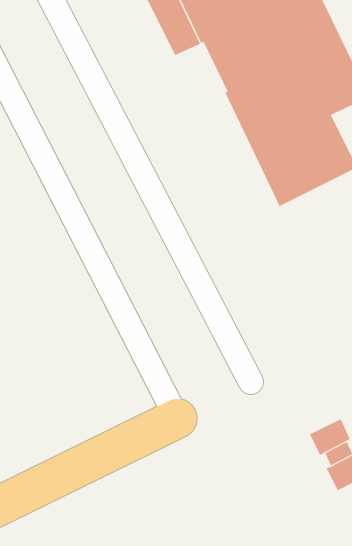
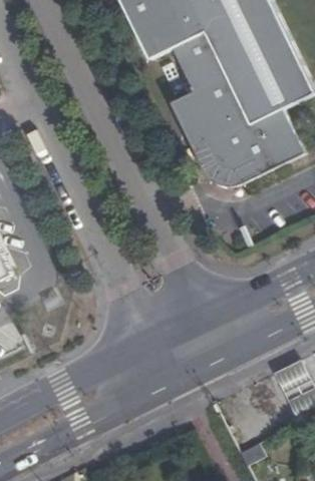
building: none -> [175,91,242,190]

